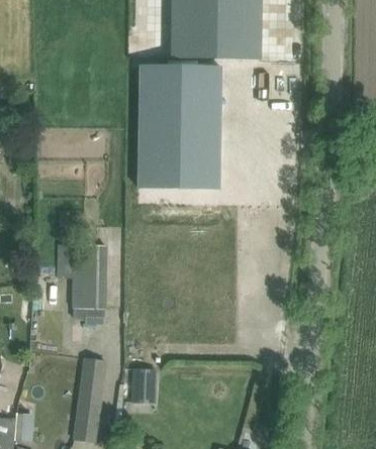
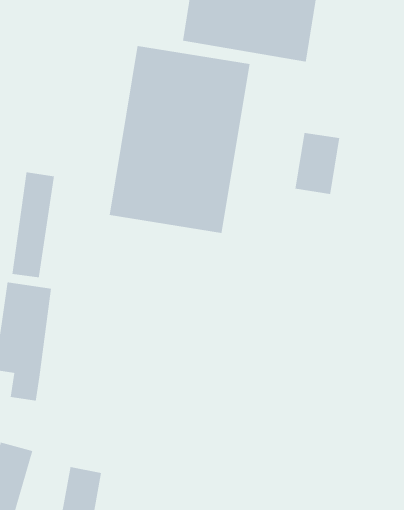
building: none -> [295,132,340,195]
building: none -> [12,172,54,278]

